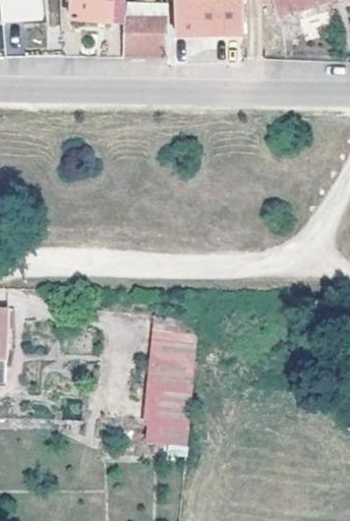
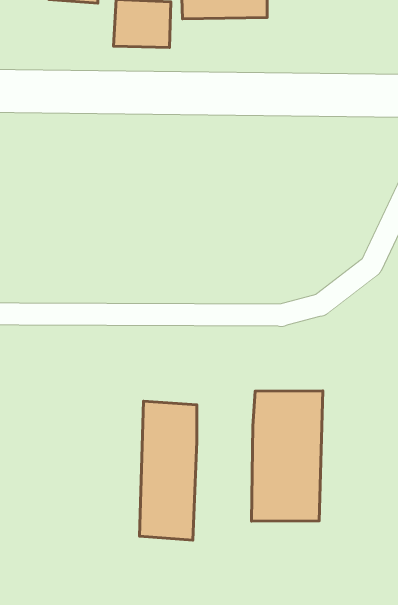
building: none -> [252,391,323,521]

